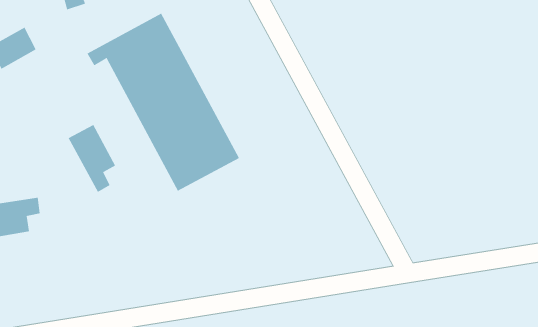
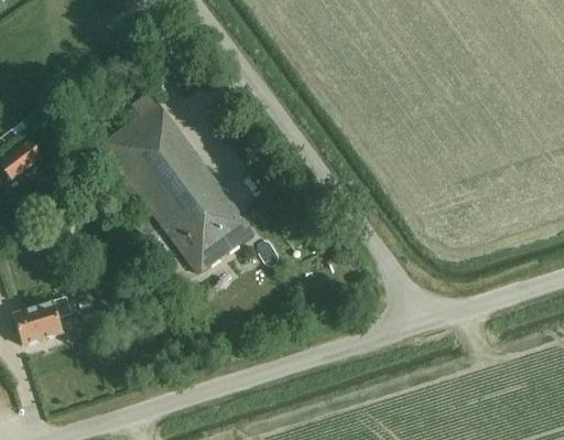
building: [68,124,116,193] -> none

